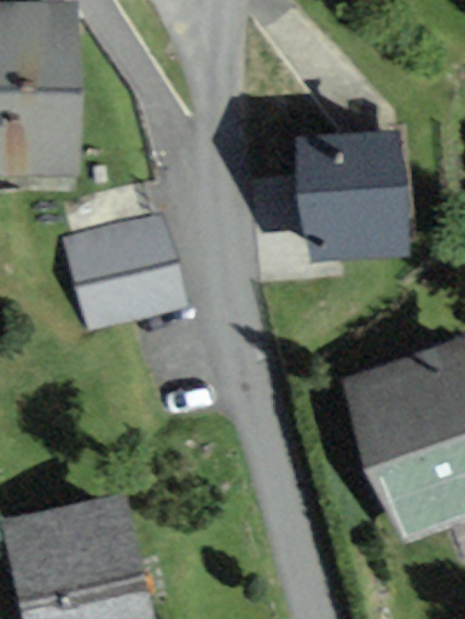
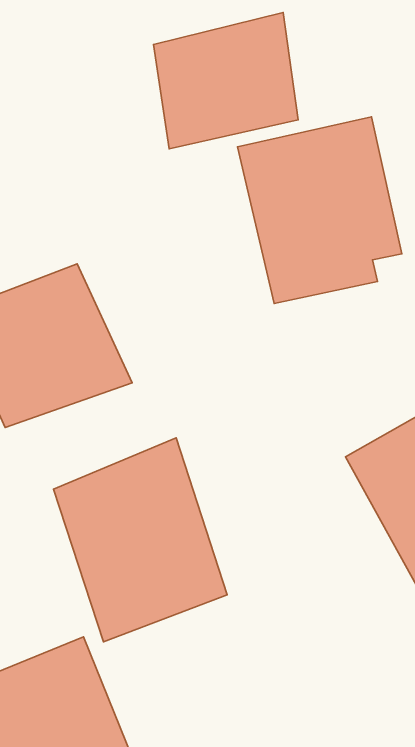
building: none -> [154,12,298,149]
building: none -> [54,438,227,642]

